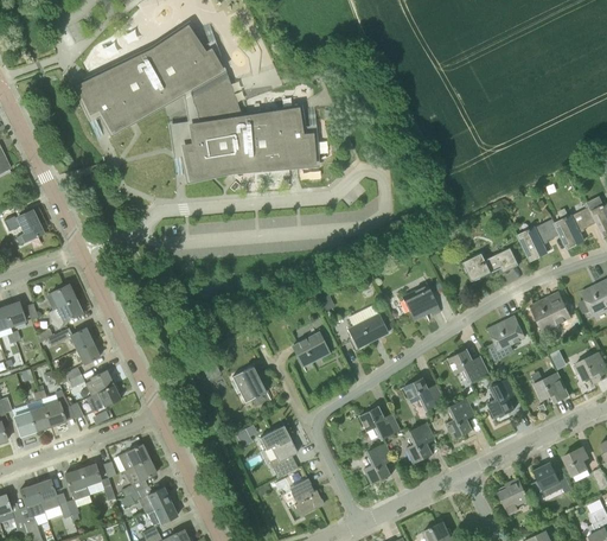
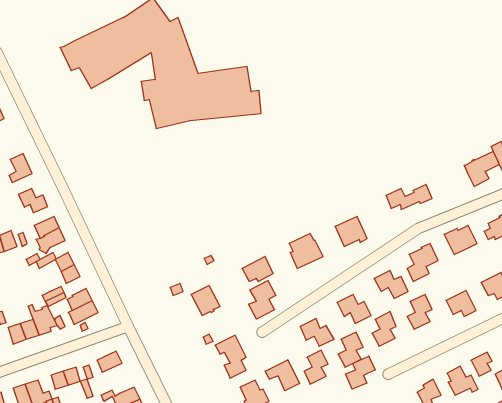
building: [518,218,560,261] -> none
building: none -> [19,188,47,213]
building: none -> [249,280,276,319]
building: none -> [346,356,375,389]
building: none -> [265,360,300,391]
building: [121,459,156,497] -> none

